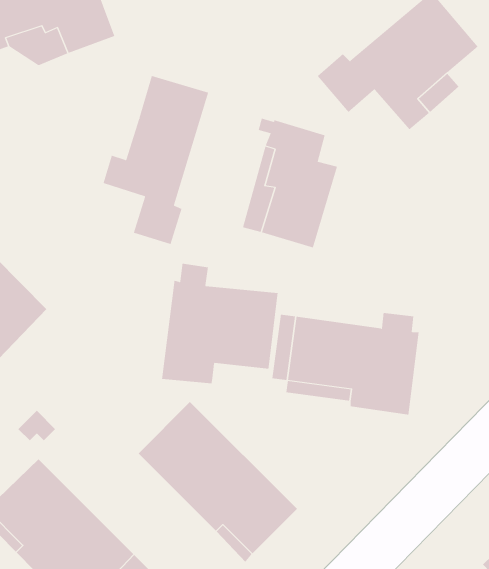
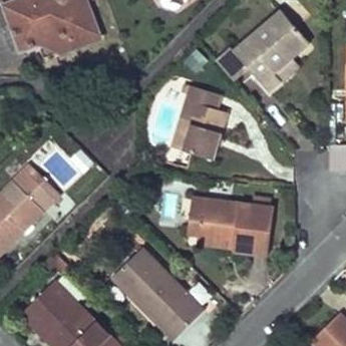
building: [103,75,209,245] -> none
building: [162,263,278,384] -> none

